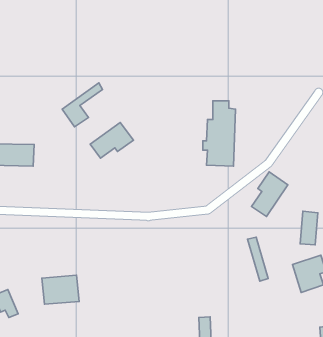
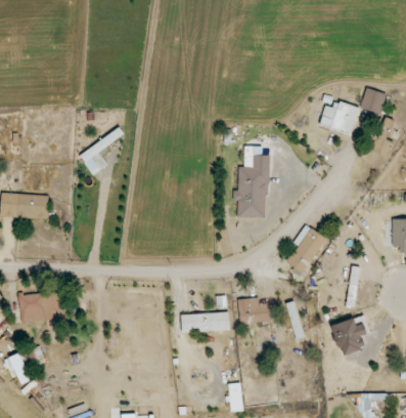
building: none -> [319,101,359,135]
building: [90,123,133,158] -> none
building: none -> [237,297,270,327]
building: none -> [181,312,230,333]
building: [42,275,79,304] -> [18,291,59,323]

